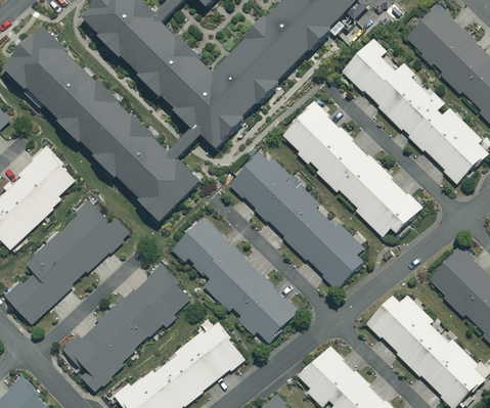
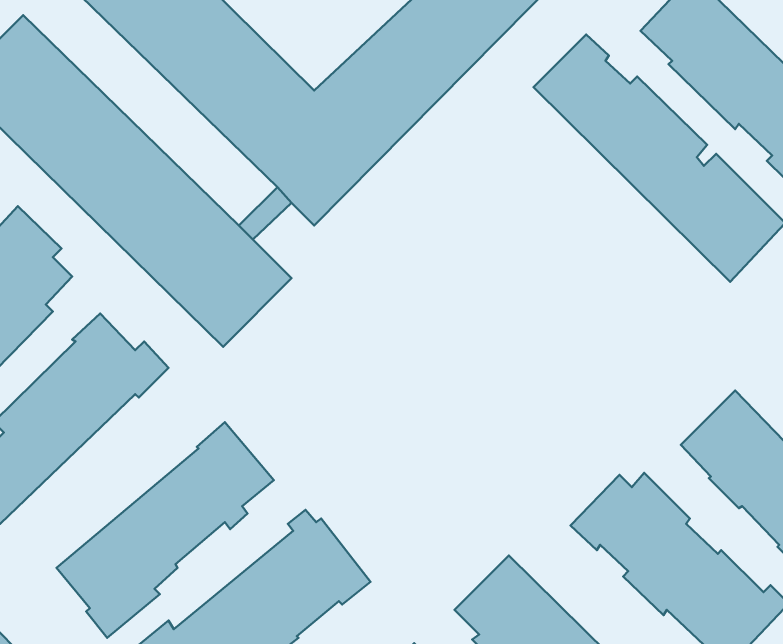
building: [281,102,420,236] -> none
building: [228,151,363,289] -> none
building: [169,214,298,344] -> none

